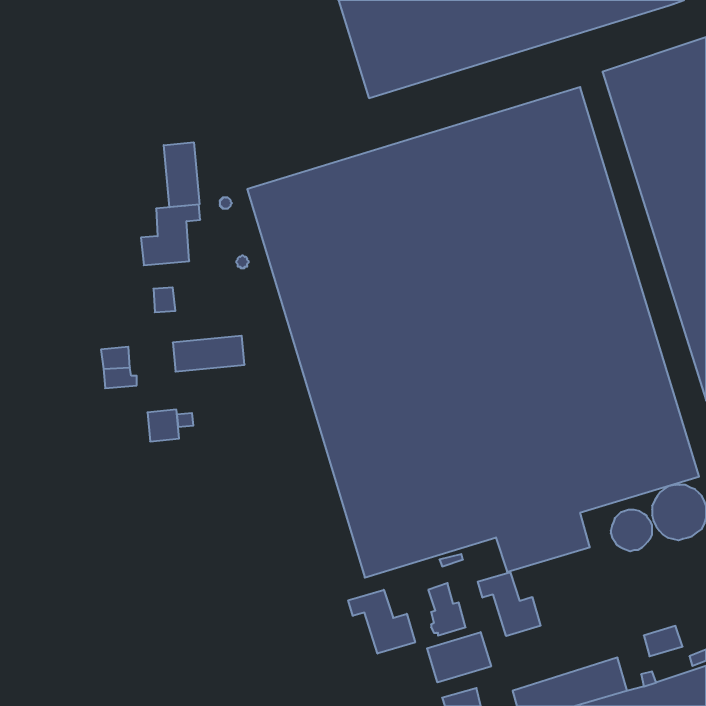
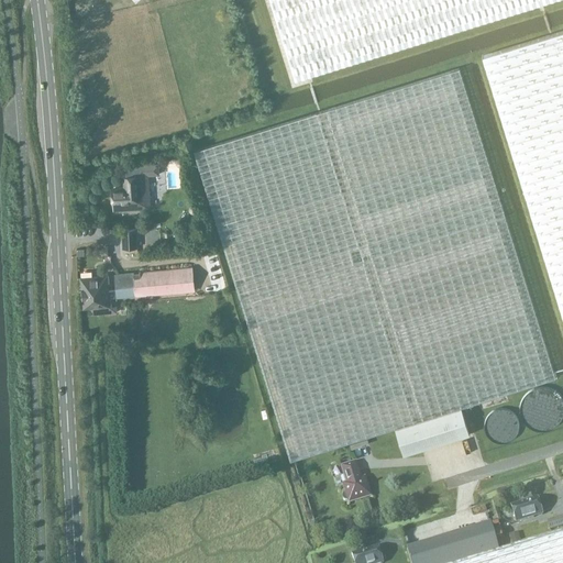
building: [164,142,199,207] -> none
building: [147,410,179,441] -> [114,273,140,298]
building: [478,572,541,636] -> none
building: [348,590,415,654] -> none
building: [427,632,491,682] -> none

